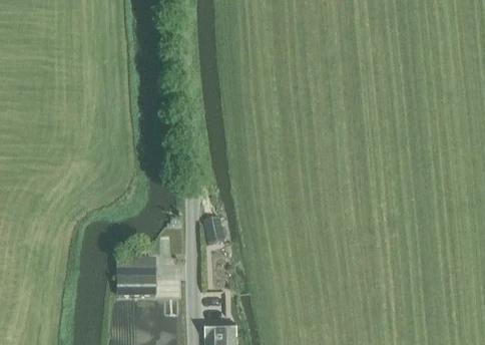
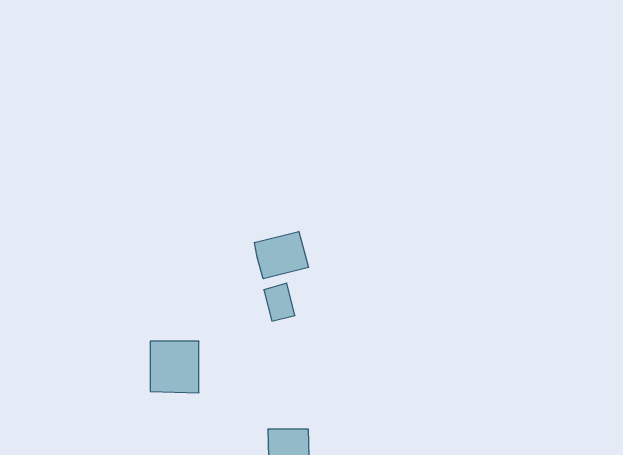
building: none -> [254,231,309,279]

